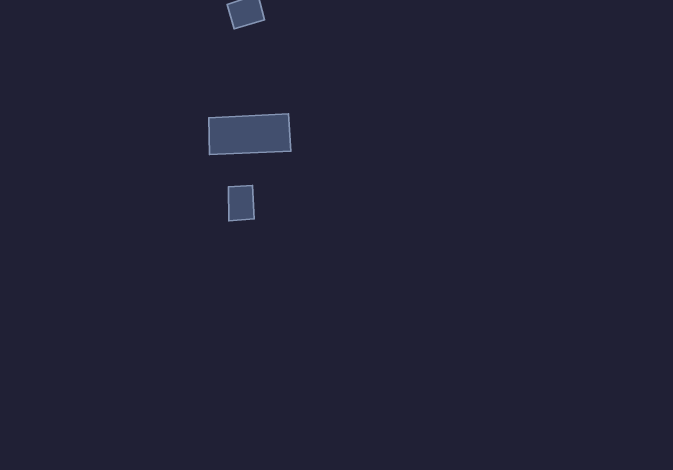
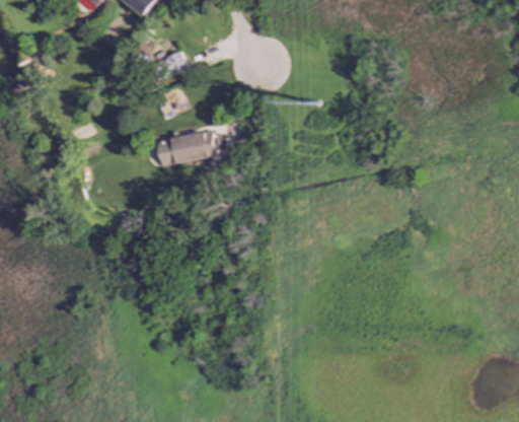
building: [228,185,254,221] -> none

